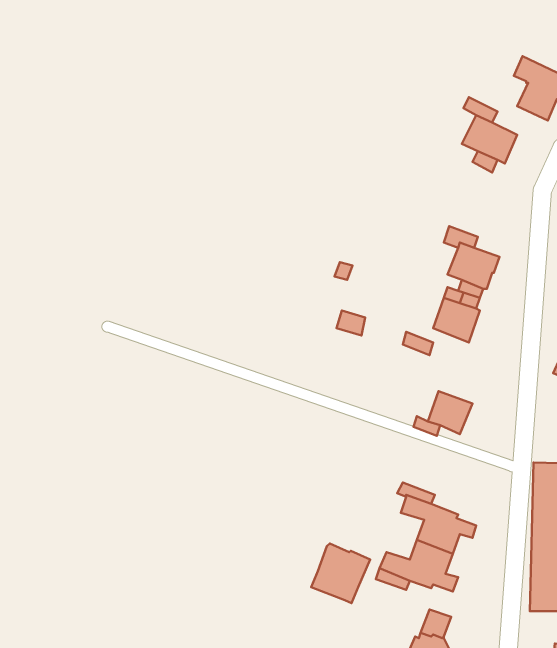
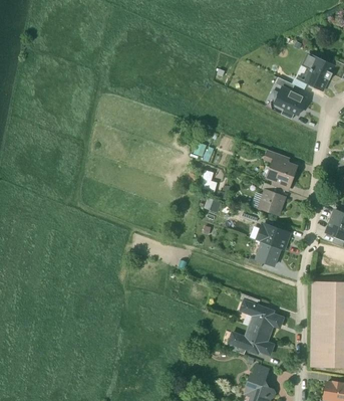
building: none -> [256,224,290,250]
building: [311,543,370,603] -> none

